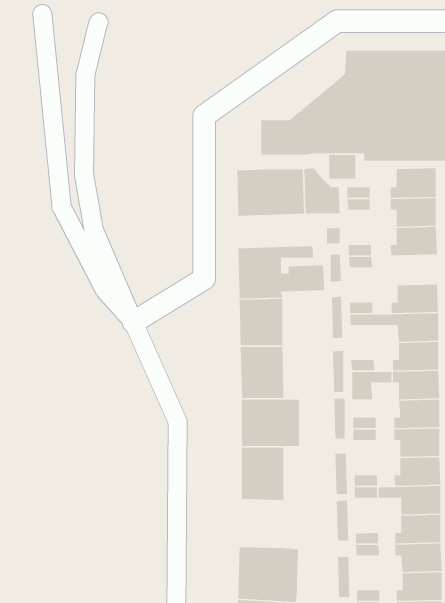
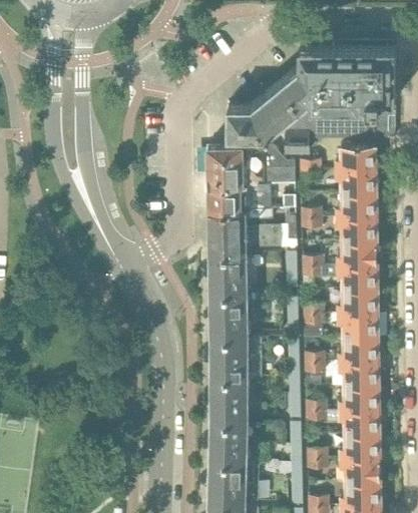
building: none -> [208,182,270,210]
building: none -> [337,216,376,241]
building: none -> [210,421,248,461]

